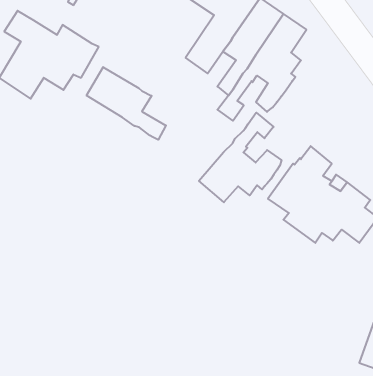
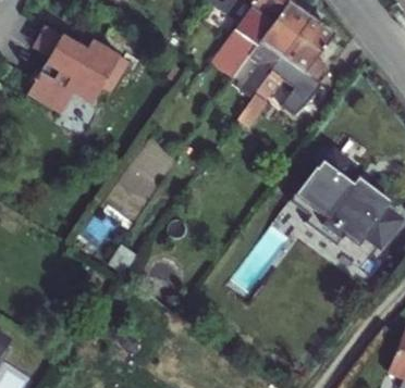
building: [87,67,166,140] -> none
building: [199,113,281,202] -> none

